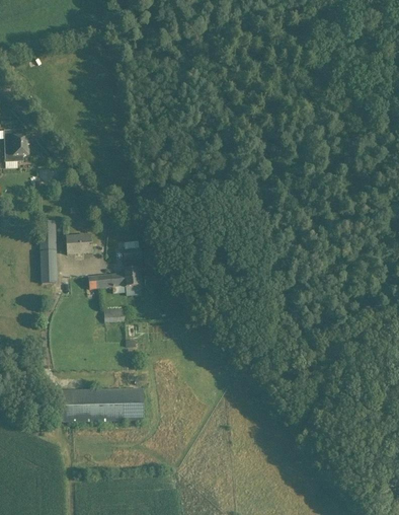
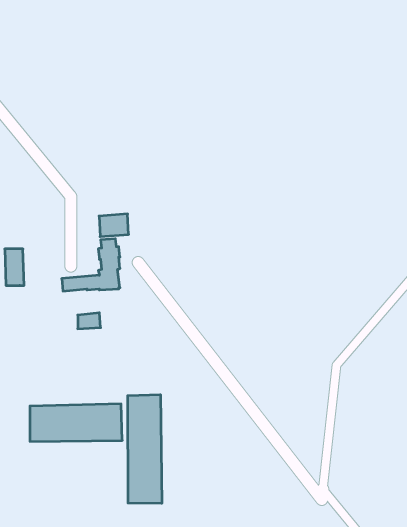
building: [66,233,92,253] -> [99,214,129,237]
building: none -> [128,395,162,503]

